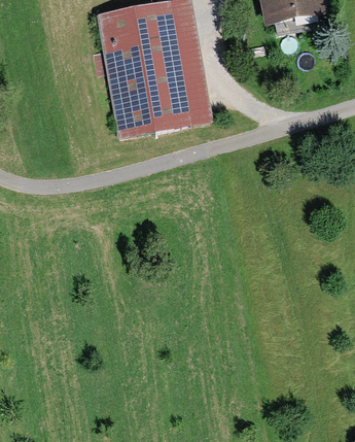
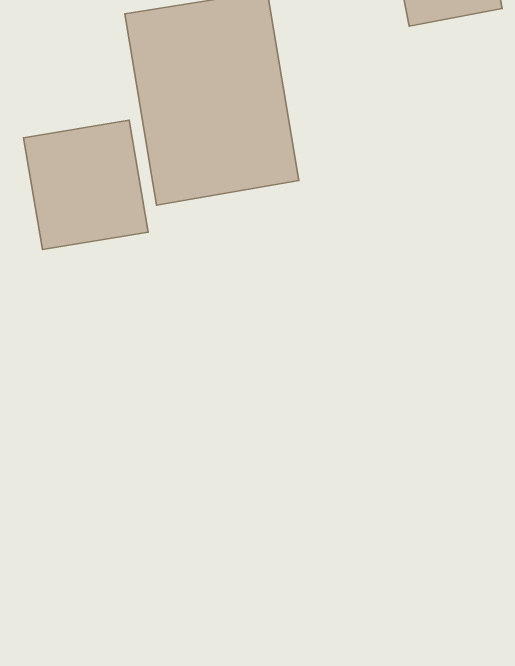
building: none -> [24,120,148,250]

